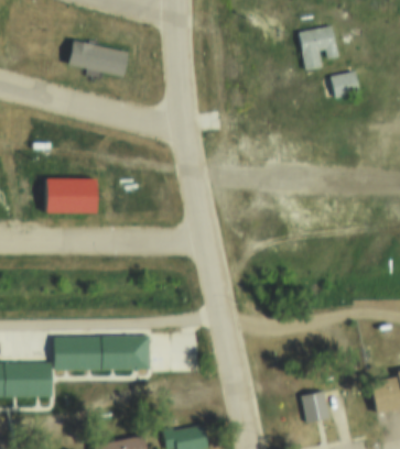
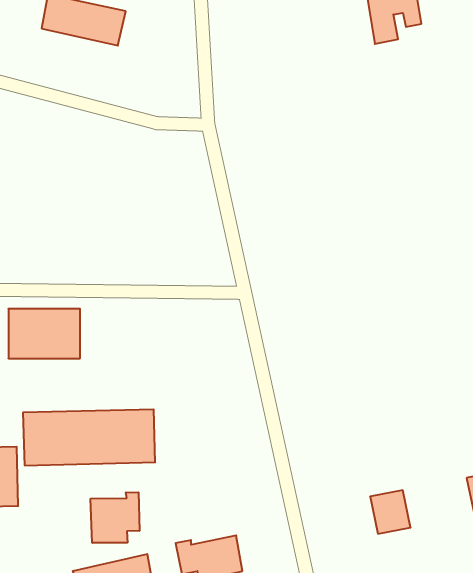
building: [329,72,361,100] -> none
building: [45,180,96,216] -> [8,309,80,358]
building: none -> [91,492,139,543]

